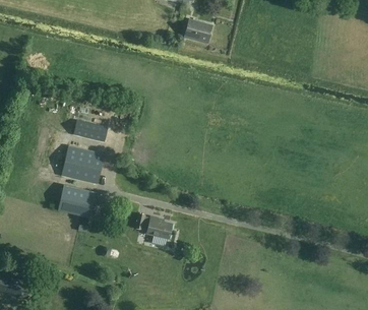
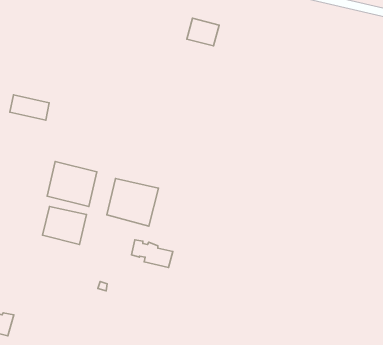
building: [73,120,108,142] -> [10,95,49,120]
building: none -> [107,178,158,226]

